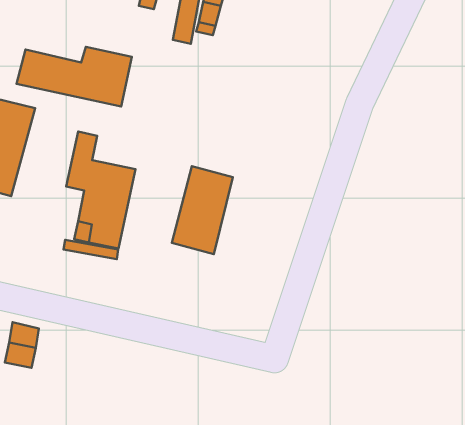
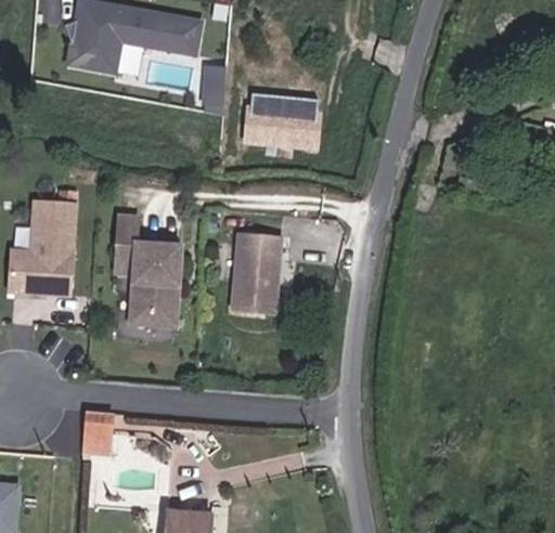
building: none -> [242,109,317,150]
building: [17,47,132,106] -> none

